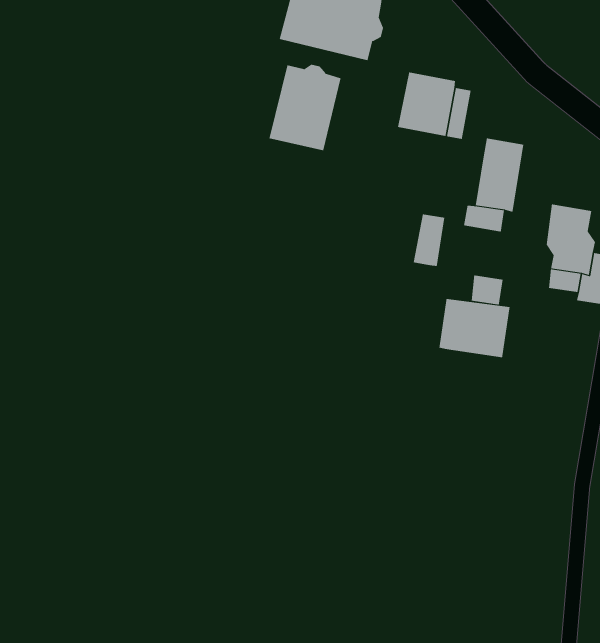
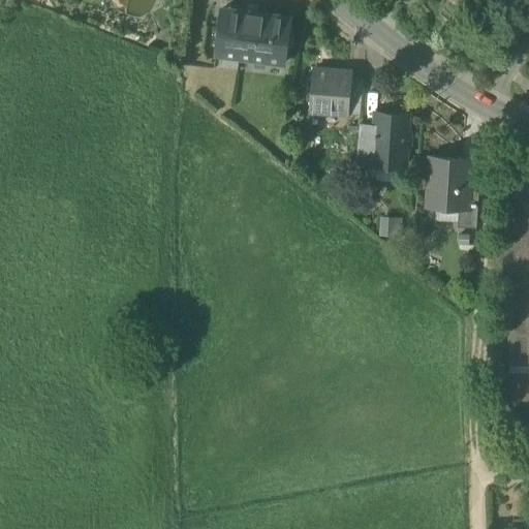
building: [269,64,341,151] -> none
building: [413,214,445,266] -> [357,125,378,163]
building: [439,298,510,358] -> none

